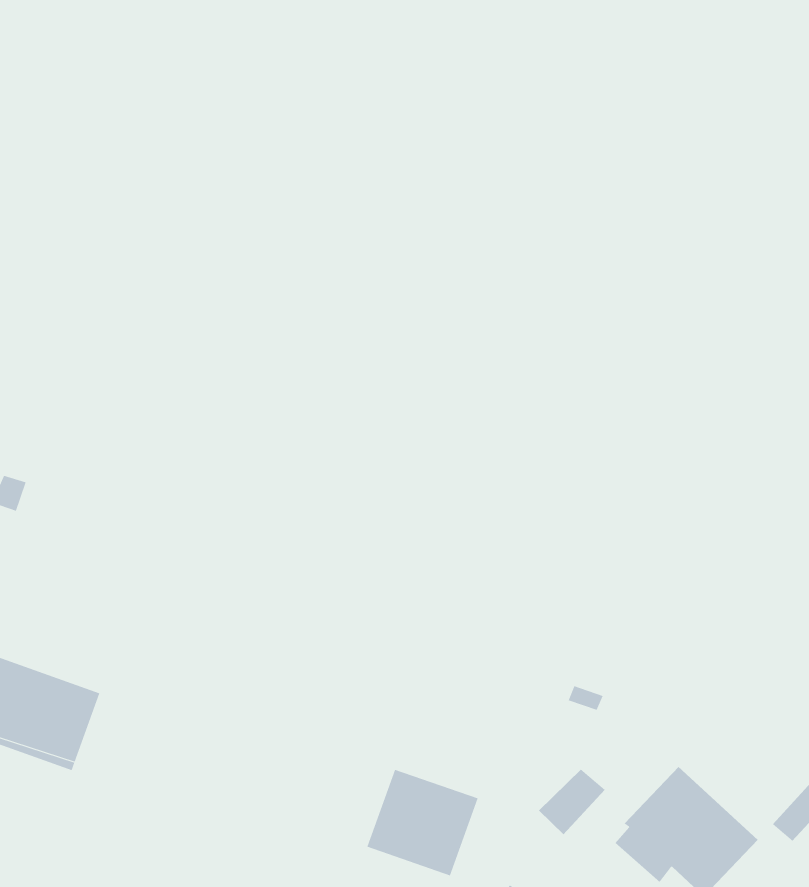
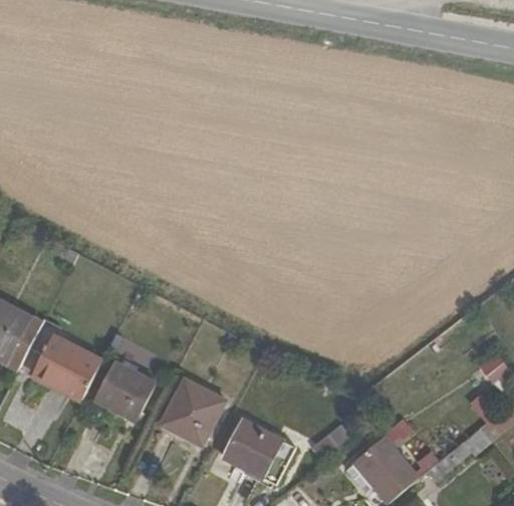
building: none -> [94,358,156,420]
building: none -> [160,380,223,445]

